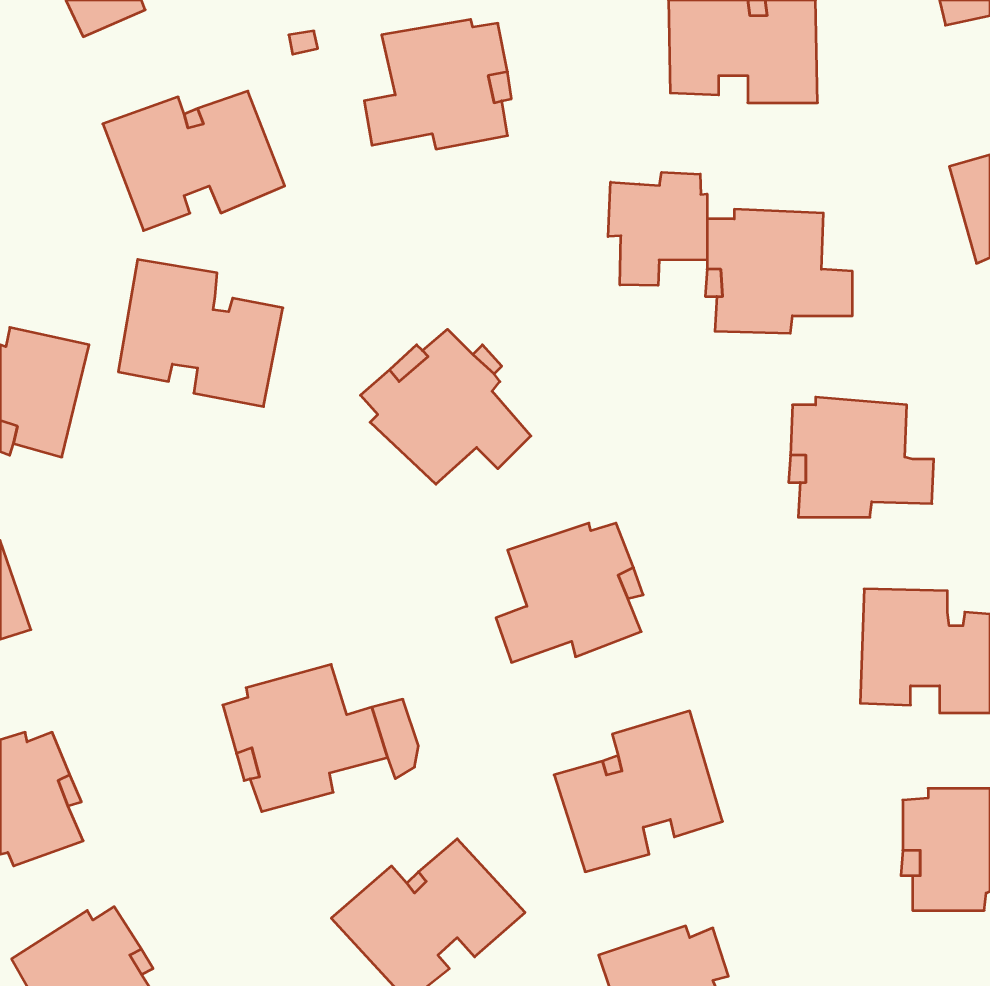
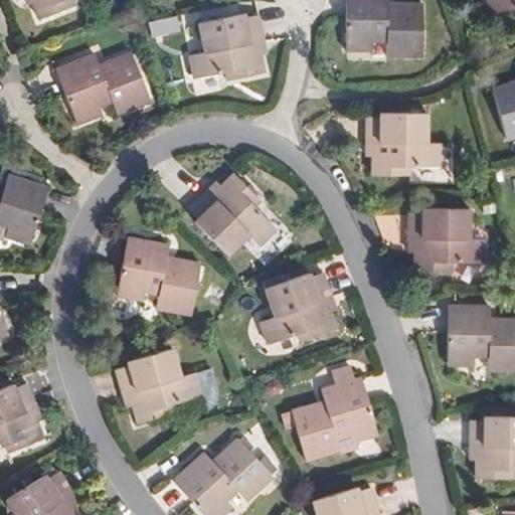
building: [608,172,707,285] -> none
building: [118,259,283,407] -> [115,238,200,315]

